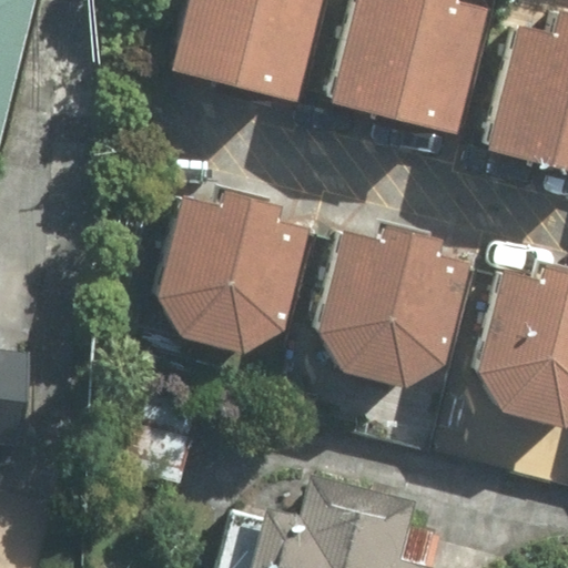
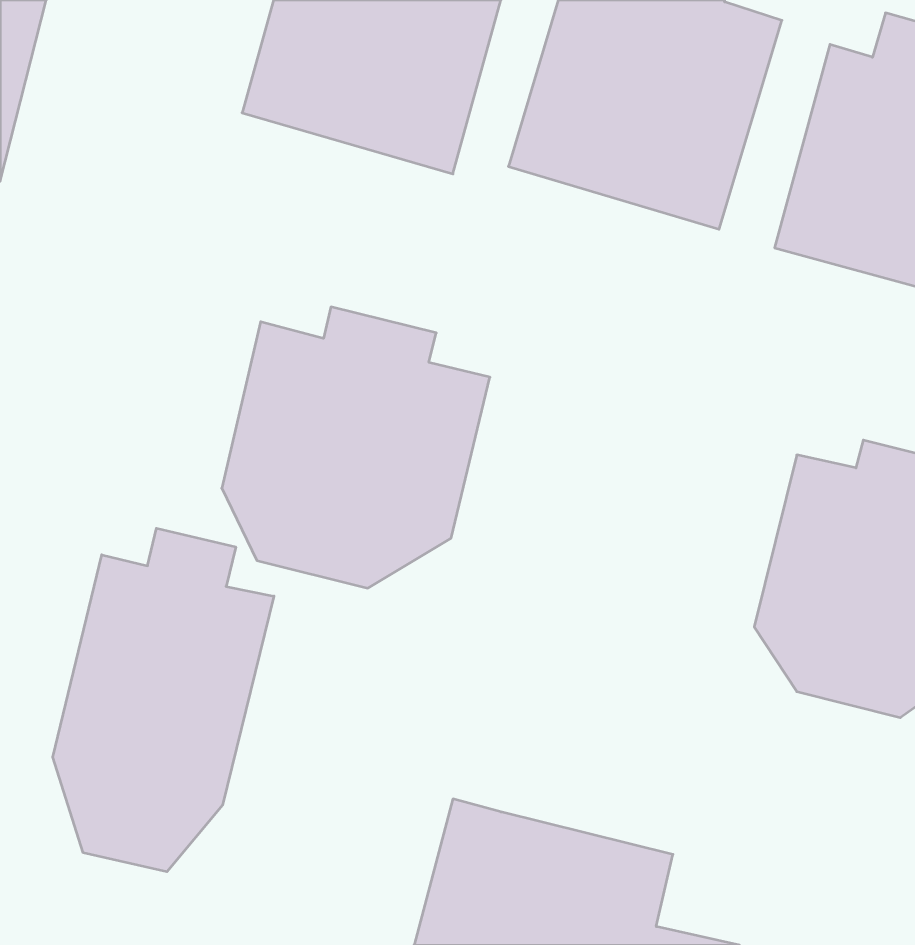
building: [311,224,471,390] -> none
building: none -> [53,528,274,872]

